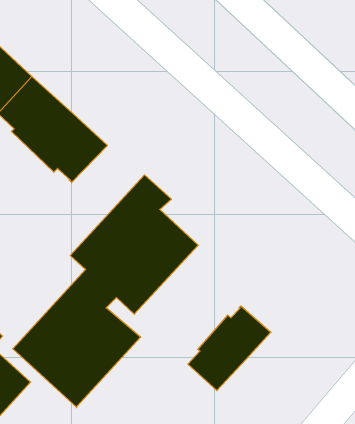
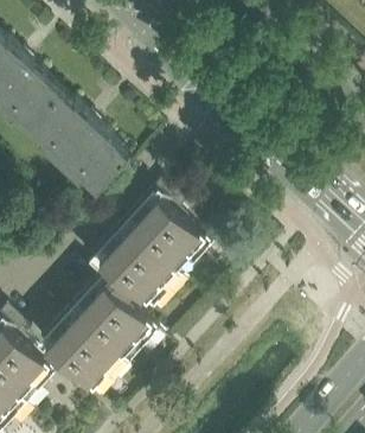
building: [188,306,271,391] -> none

